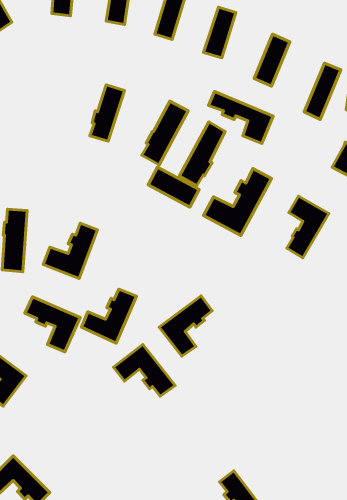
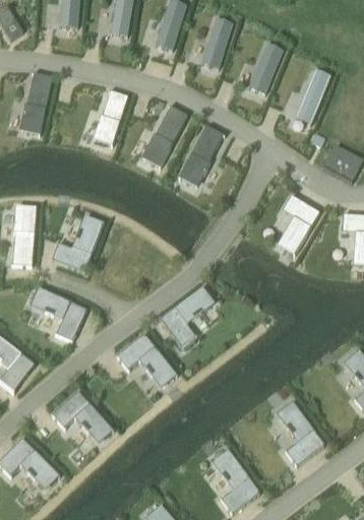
building: none -> [21,73,52,133]
building: [209,92,273,144] -> none
building: [148,167,199,207] -> none
building: [203,168,272,236] -> none
building: [82,289,136,343] -> none
building: none -> [52,391,110,439]
building: none -> [281,404,323,465]

